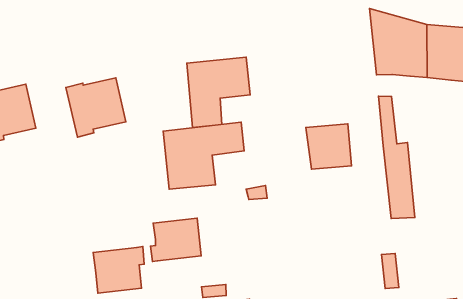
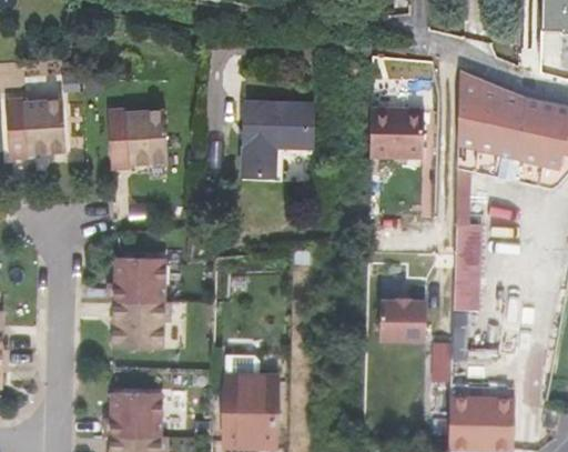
building: [163,122,244,189] -> none
building: [306,124,352,169] -> [373,111,420,161]
building: none -> [381,298,427,342]
building: [151,218,201,262] -> [106,258,163,302]

